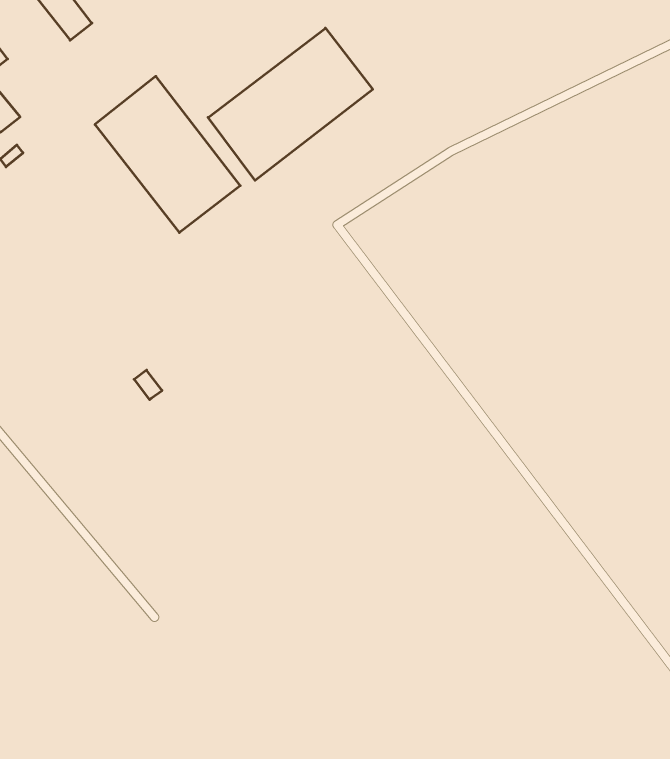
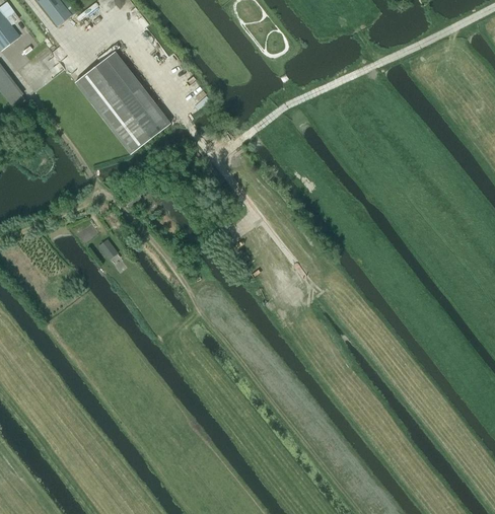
building: [208,28,373,180] -> none

